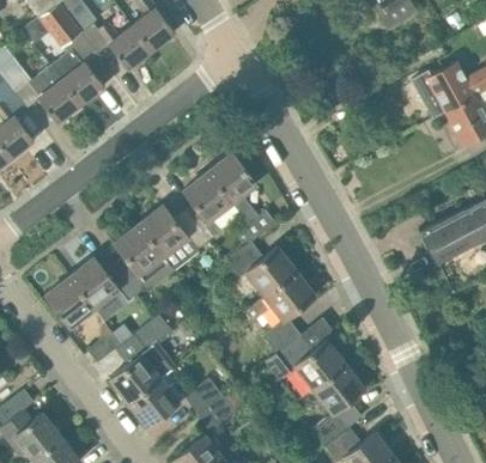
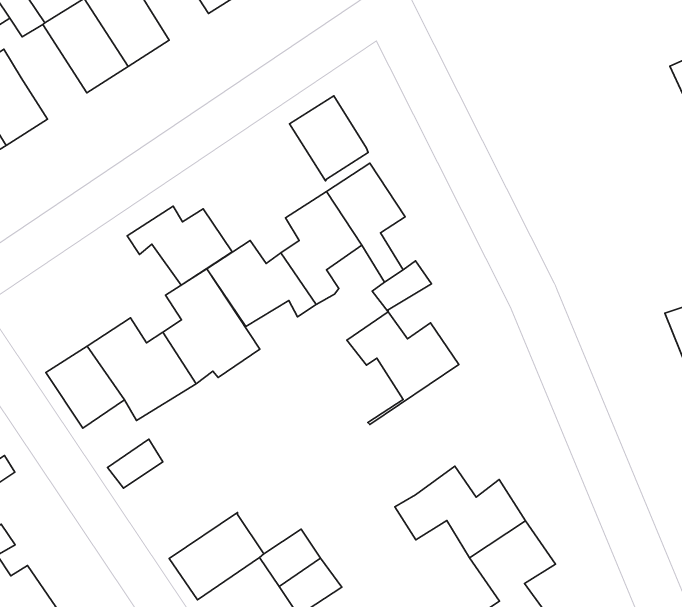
building: none -> [289,96,368,181]
building: none -> [127,206,232,285]
building: [245,272,316,353] -> none
building: [110,315,177,403] -> none

